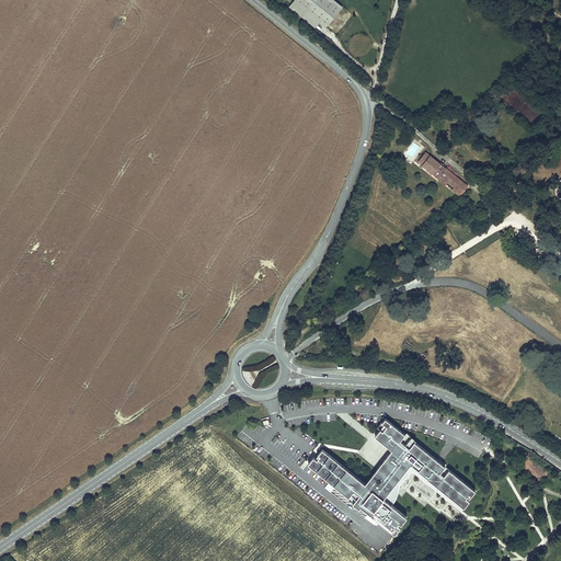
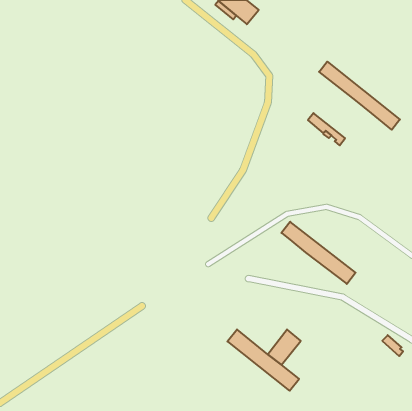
building: none -> [319,62,400,130]
building: [376,423,477,507] -> [281,222,356,284]

